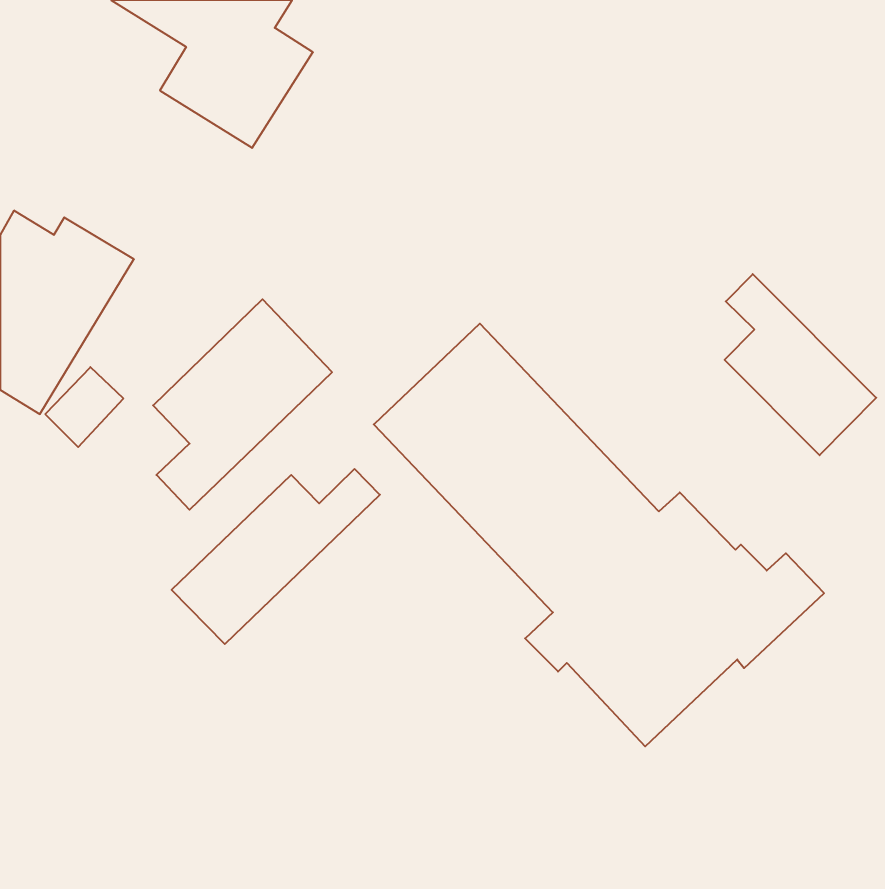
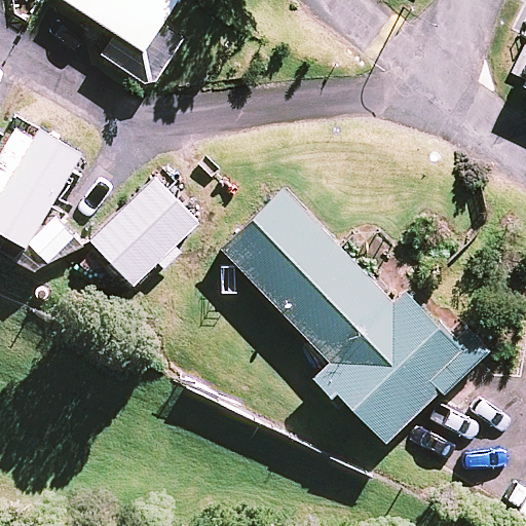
building: [725,274,876,455] -> none
building: [172,469,380,644] -> none

